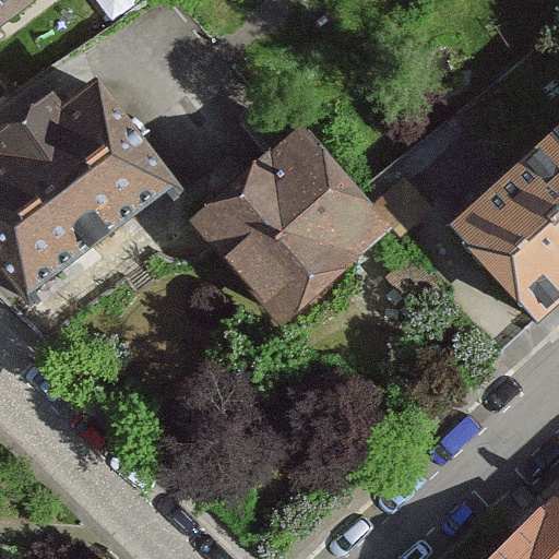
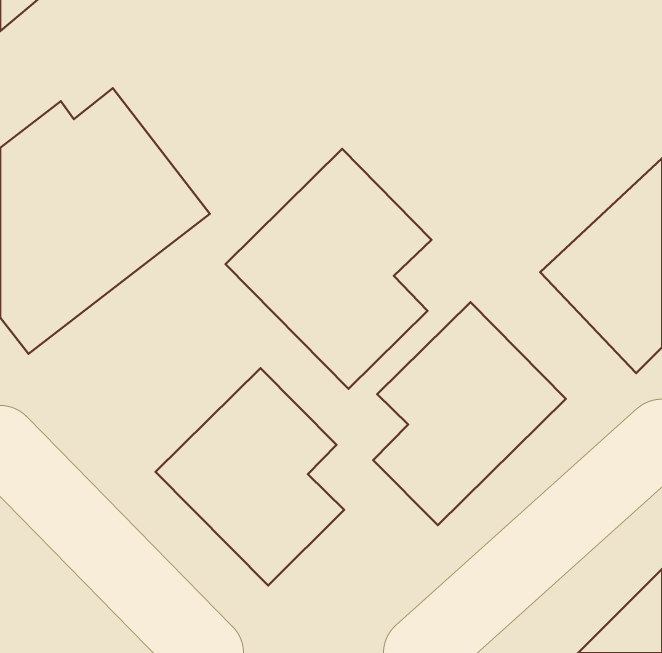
building: none -> [373,302,566,525]
building: none -> [156,368,344,586]

